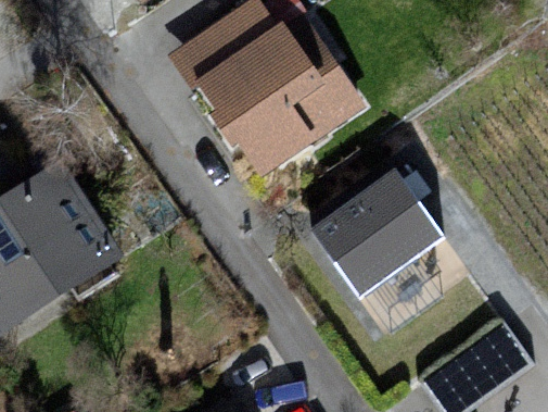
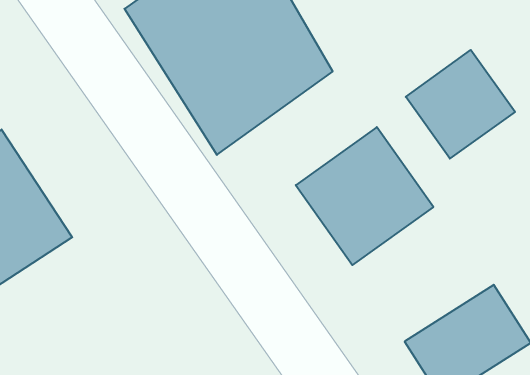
building: none -> [406,50,515,159]

